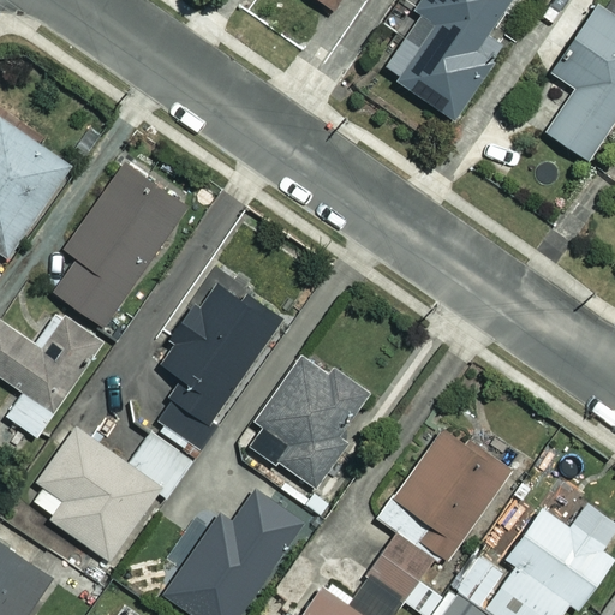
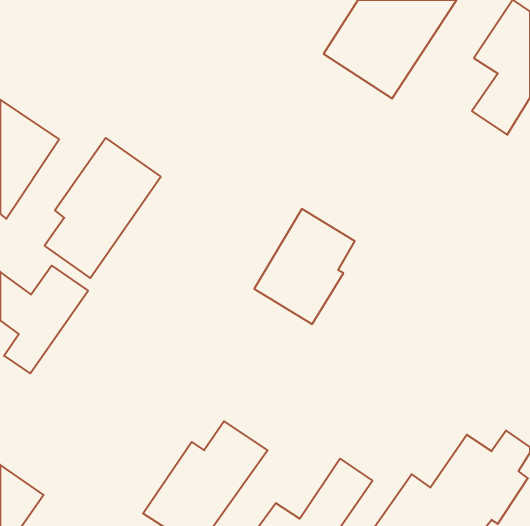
building: [153,281,277,449] -> none
building: [247,354,364,488] -> [254,209,355,324]
building: [396,425,507,559] -> none
building: [24,428,191,561] -> none

